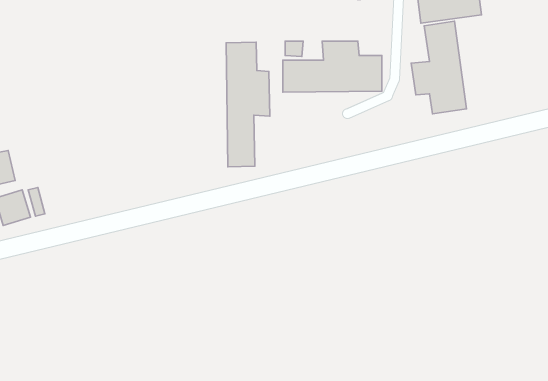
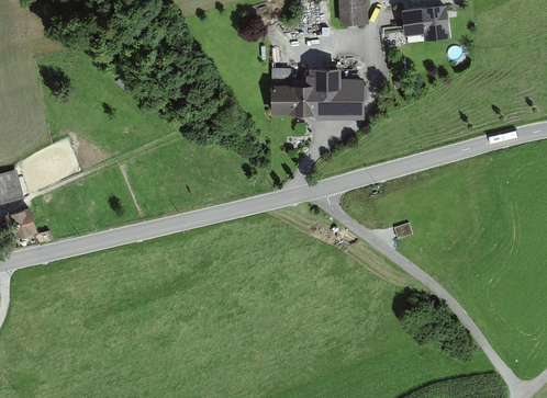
building: [411,21,466,114] -> none
building: [226,42,270,167] -> none

